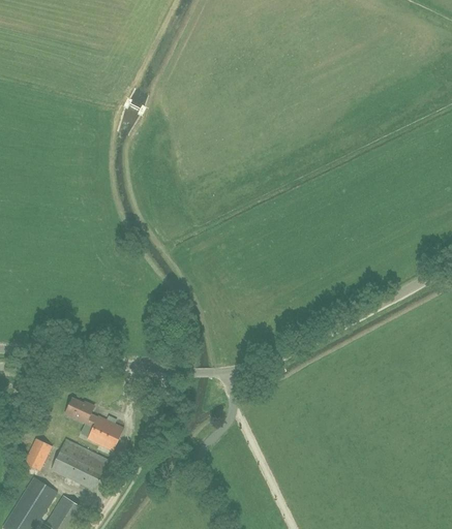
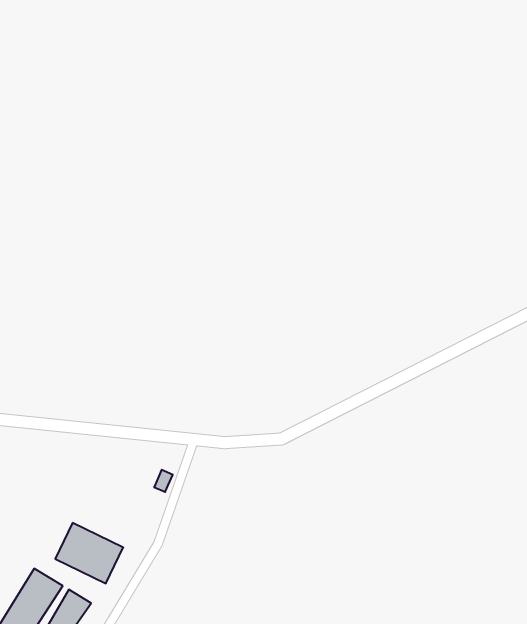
building: [64,398,123,450] -> none
building: [24,438,51,471] -> none

